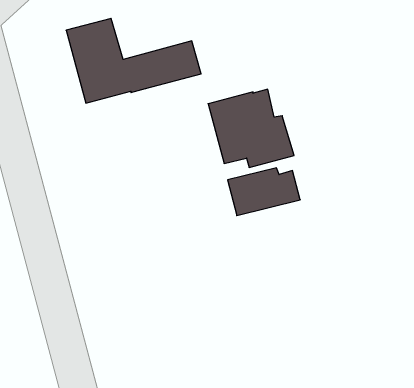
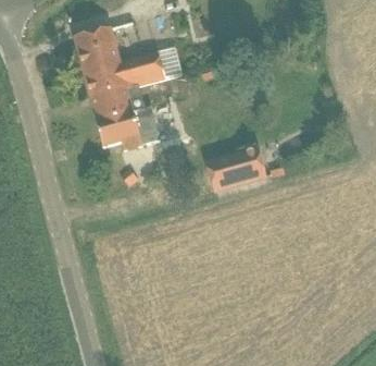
building: [208,89,294,167] -> [90,87,161,151]

